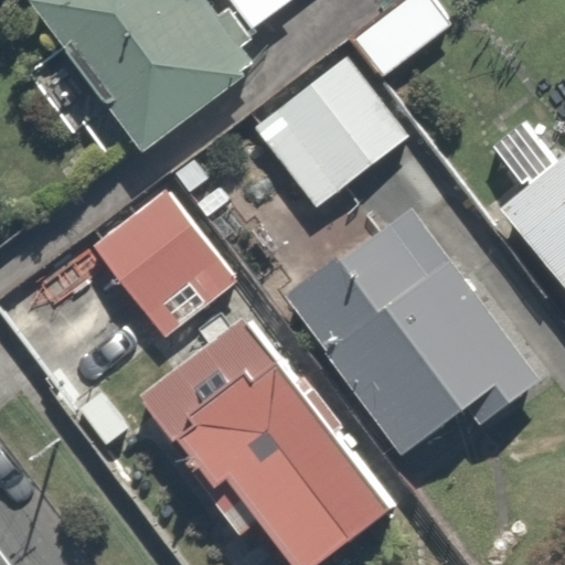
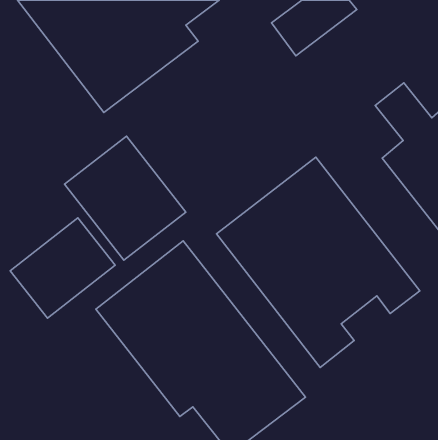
building: [257,55,407,204] -> none
building: none -> [10,218,115,318]

